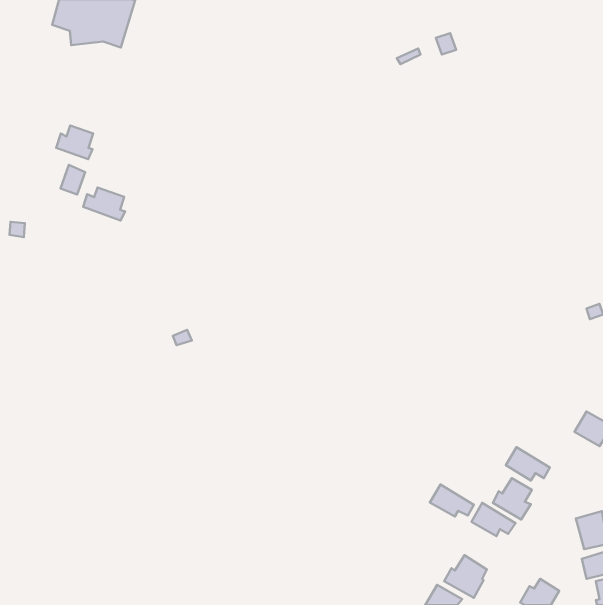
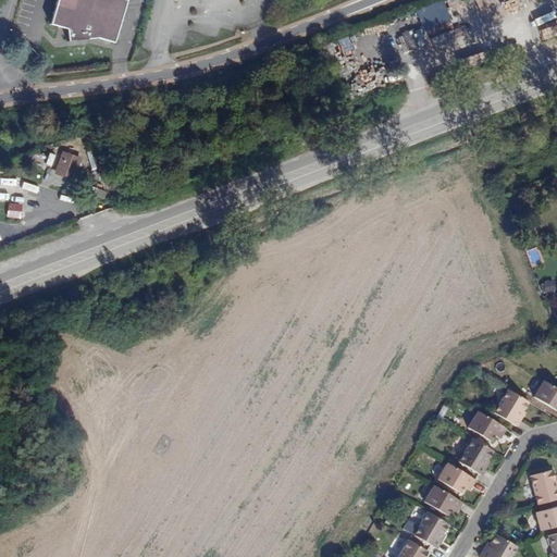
building: [56,126,93,159] -> none
building: [83,187,125,220] -> none
building: none -> [488,388,524,426]
building: [430,485,474,517] -> [422,483,462,512]

